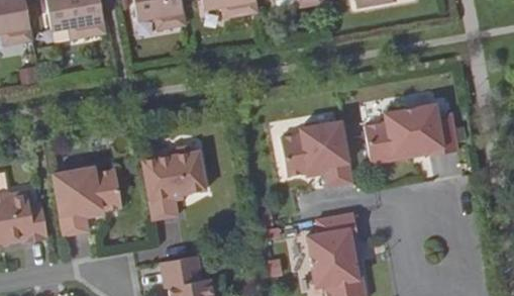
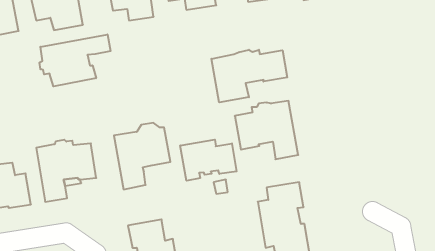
building: none -> [40,34,111,86]
building: none -> [211,50,287,102]
building: [364,103,457,164] -> none
building: none -> [180,140,237,181]

